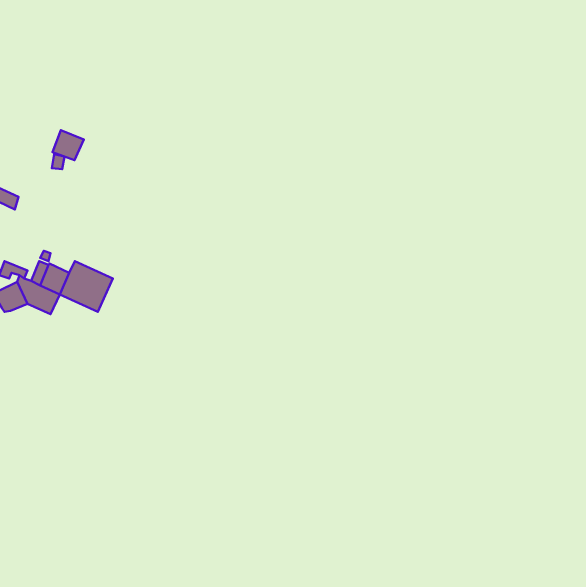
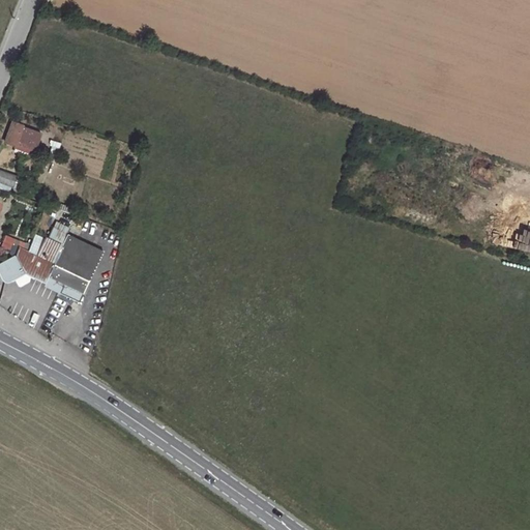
building: [53,130,84,160] -> [12,123,40,150]
building: none -> [43,265,88,301]

